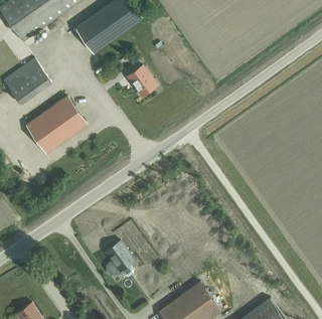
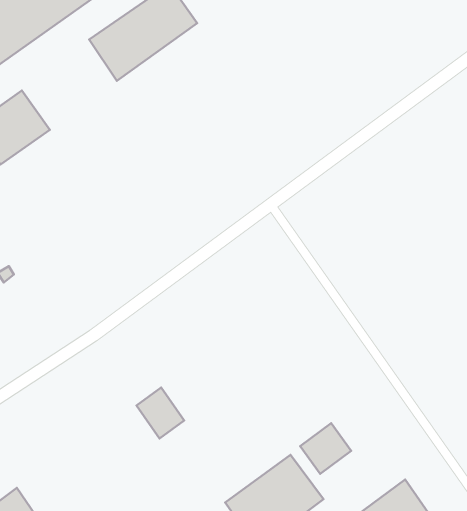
building: [126,66,155,98] -> none
building: [24,97,86,154] -> none
building: none -> [300,423,351,474]

